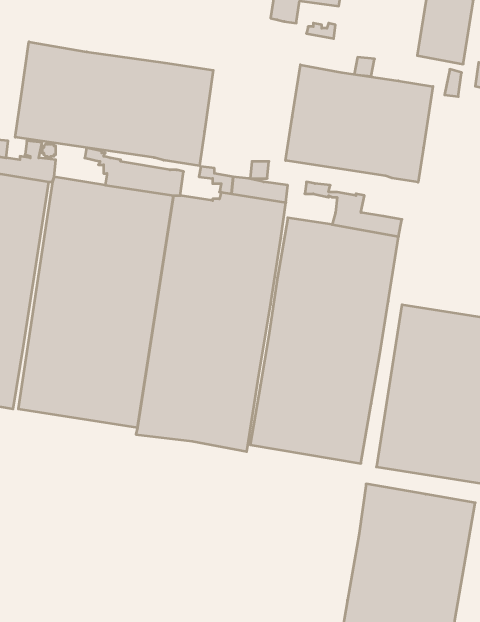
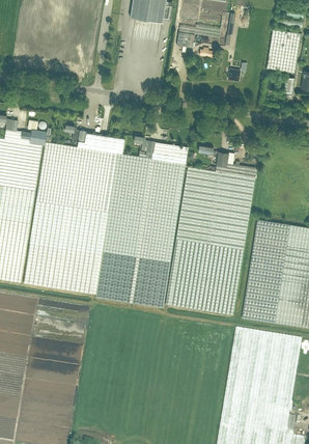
building: [15,42,213,166] -> none
building: [286,65,433,182] -> none

